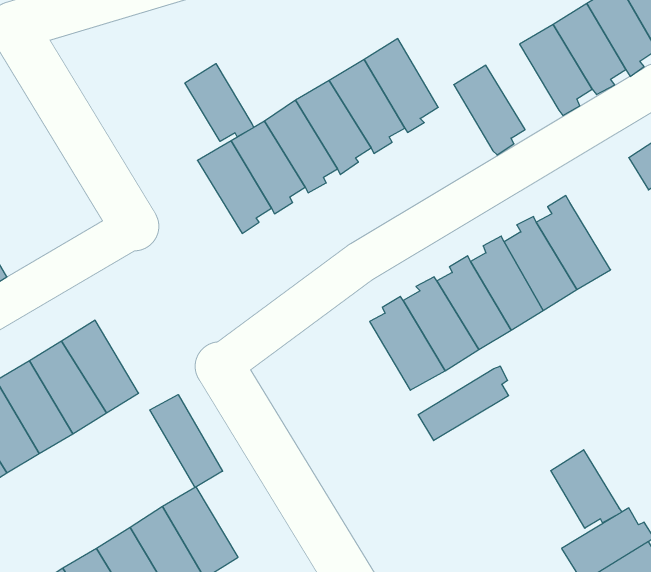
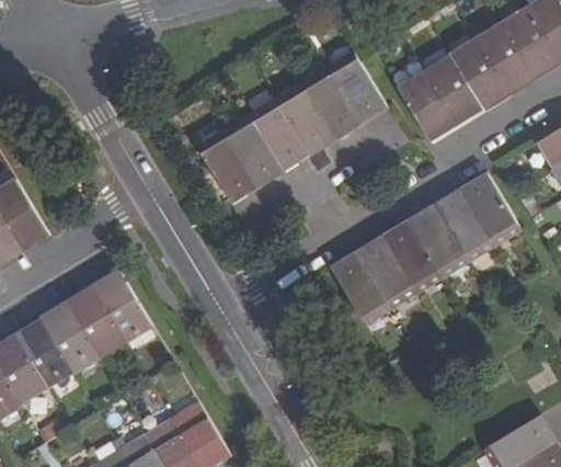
building: none -> [424,54,481,125]
building: [185,64,254,141] -> none
building: [418,366,509,441] -> none
building: [150,395,223,487] -> none
building: [551,450,622,528] -> none

